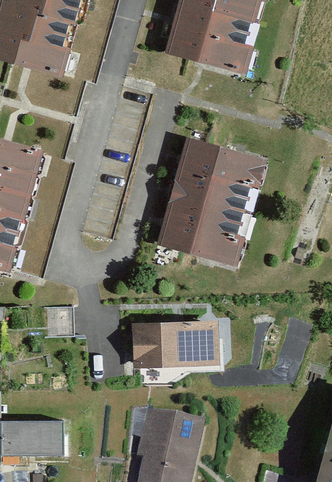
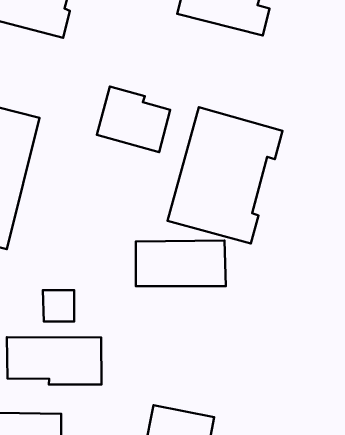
building: none -> [97,86,170,152]
building: [135,323,218,365] -> [136,241,226,286]
building: none -> [7,337,101,385]

